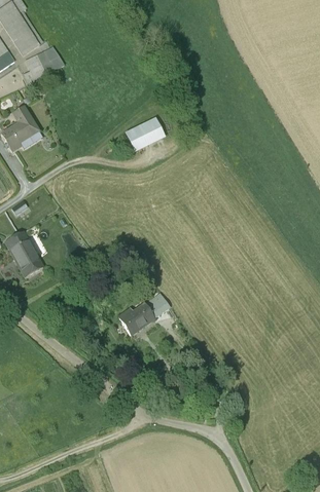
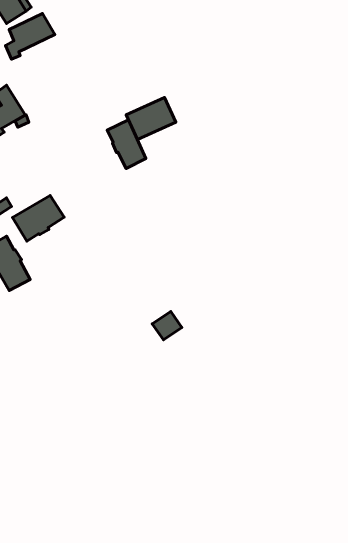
building: none -> [107,120,146,168]
building: none -> [12,195,64,241]
building: [117,303,153,334] -> none

